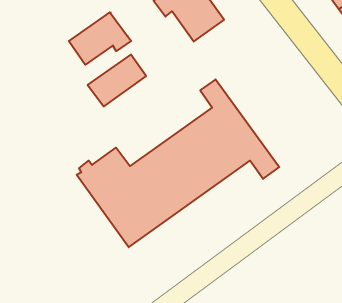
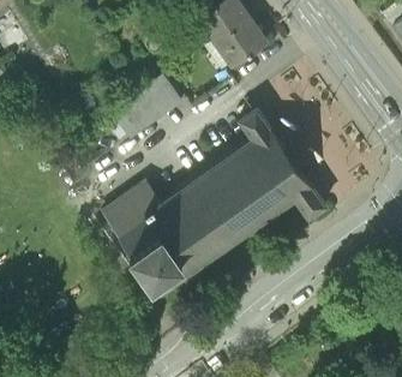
building: [69,12,131,65] -> none

